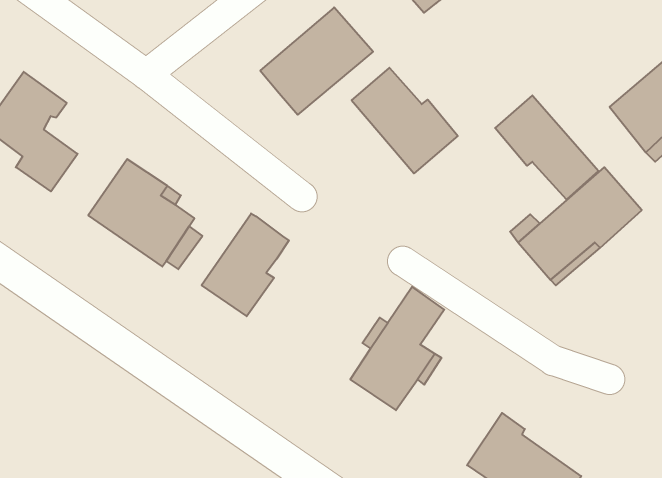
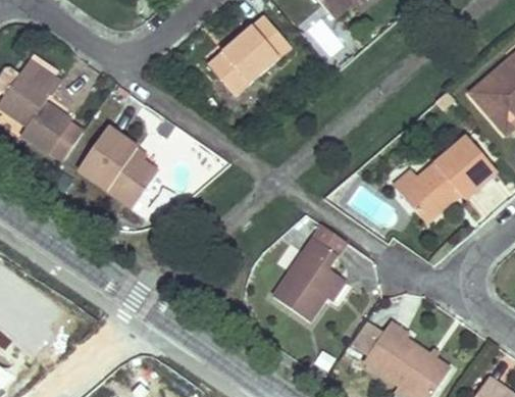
building: [352,68,458,173] -> none
building: [495,95,599,200] -> none
building: [202,213,289,316] -> none

